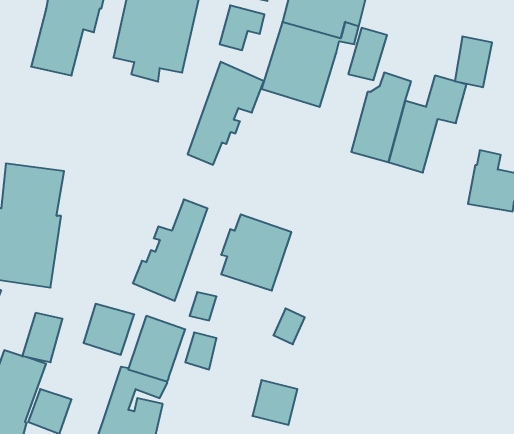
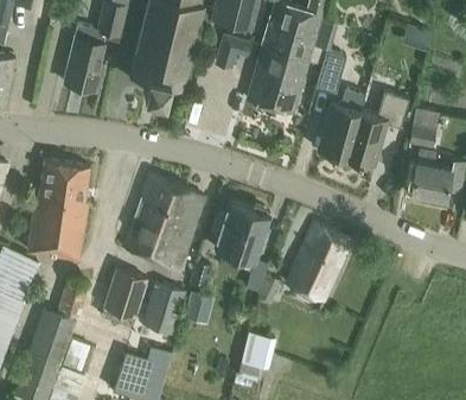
building: [455,36,492,87] -> [409,108,439,148]
building: [188,62,264,165] -> [125,173,185,255]
building: none -> [286,223,351,301]

